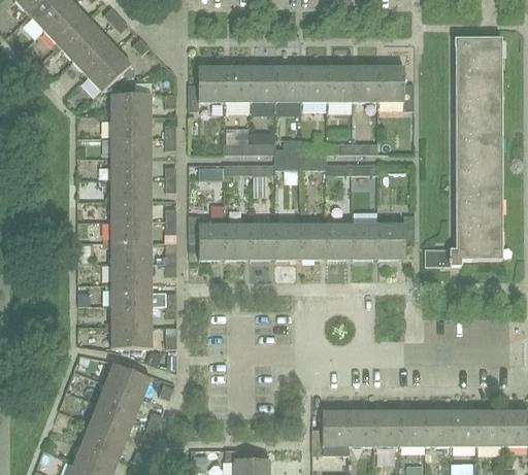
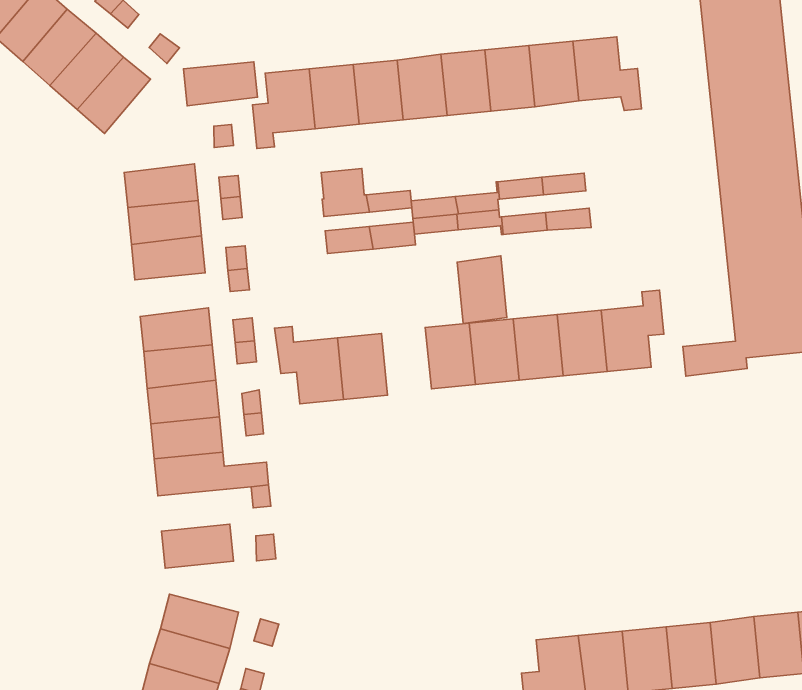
building: [110,95,152,116] -> [184,62,257,106]
building: [110,179,152,201] -> none
building: [251,224,276,261] -> [457,256,507,324]
building: [111,306,152,327] -> none

